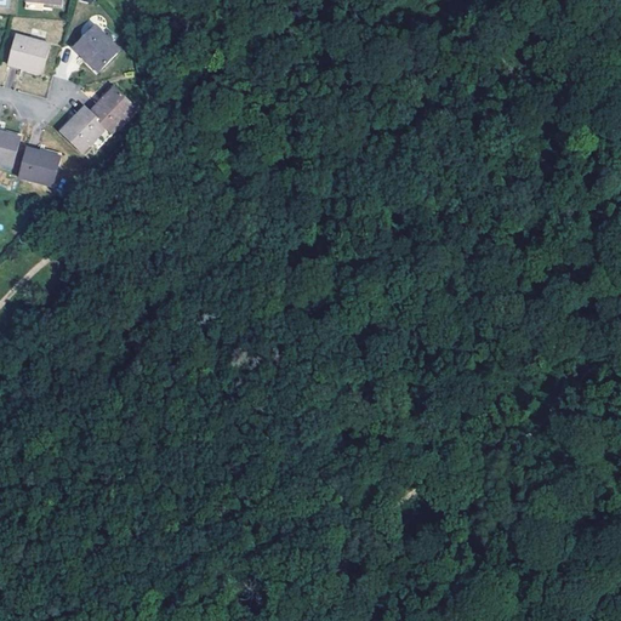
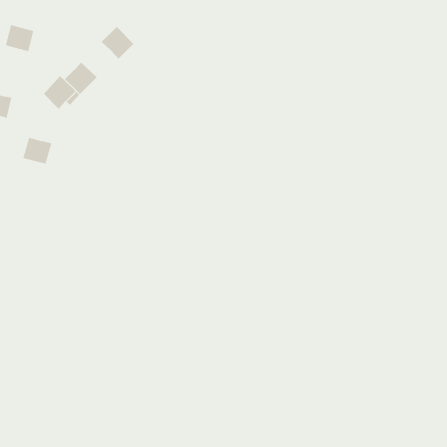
building: [72,24,118,70] -> [101,26,134,59]
building: [17,146,58,183] -> [22,137,52,164]

